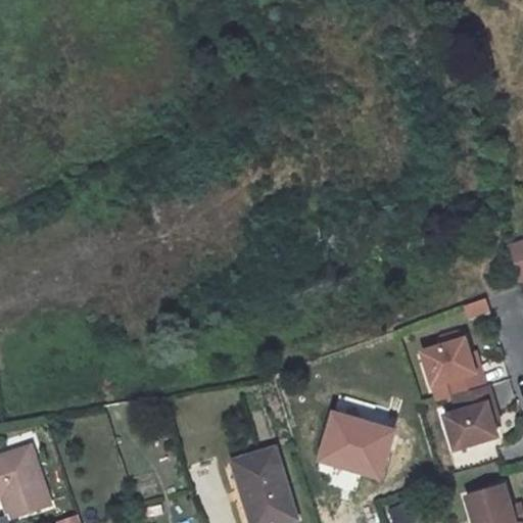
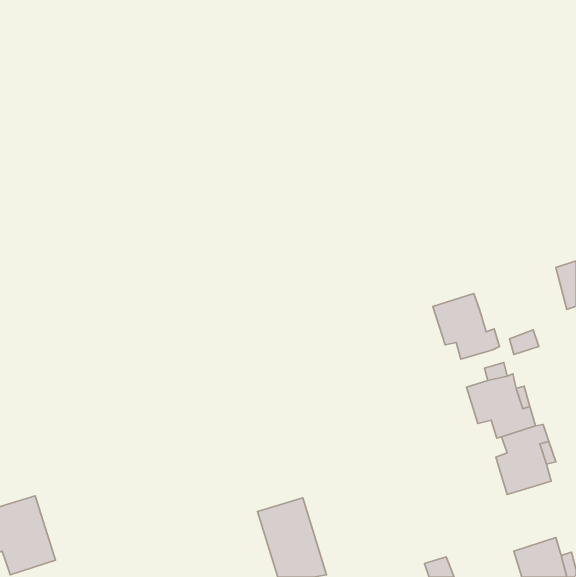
building: none -> [433,293,499,359]
building: [320,415,392,478] -> none

